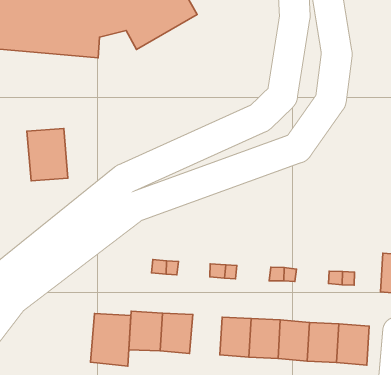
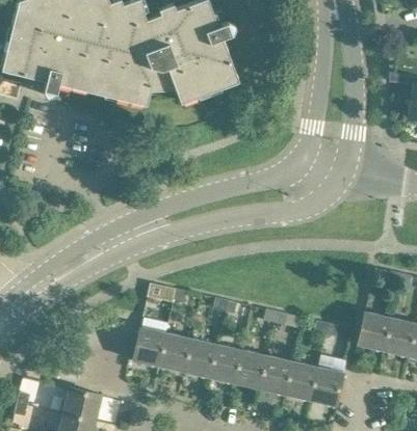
building: [27,128,68,181] -> none
building: [90,314,131,366] -> none
building: none -> [184,340,217,378]

